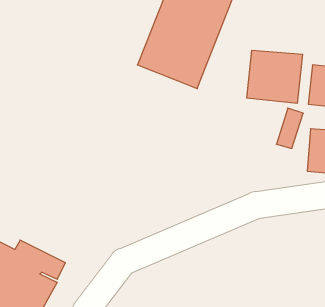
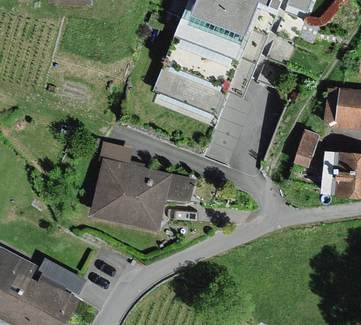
building: [247,50,302,103] -> none
building: none -> [89,143,194,231]

